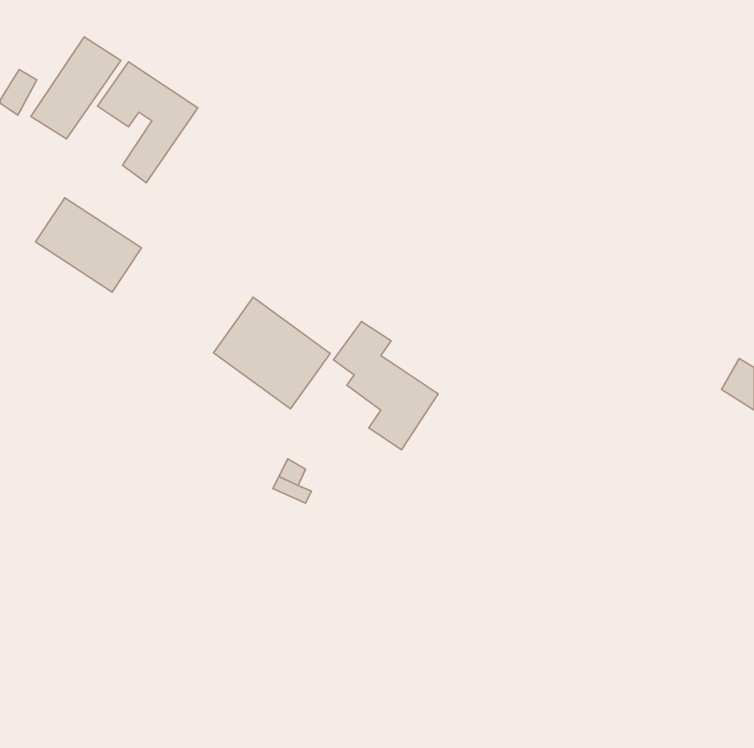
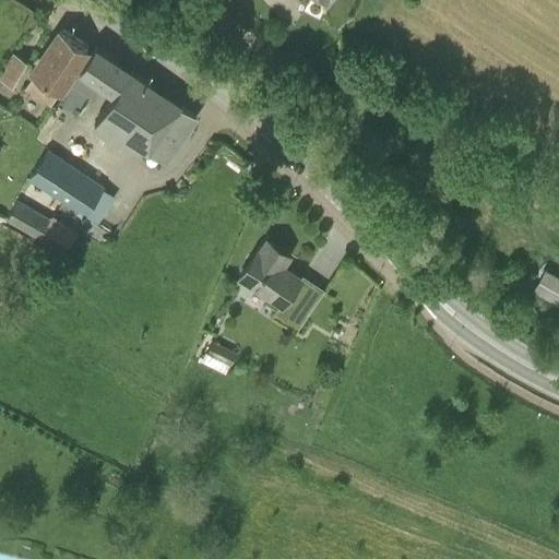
building: none -> [108,84,197,164]
building: none -> [5,202,75,254]
building: [213,297,330,409] -> none

